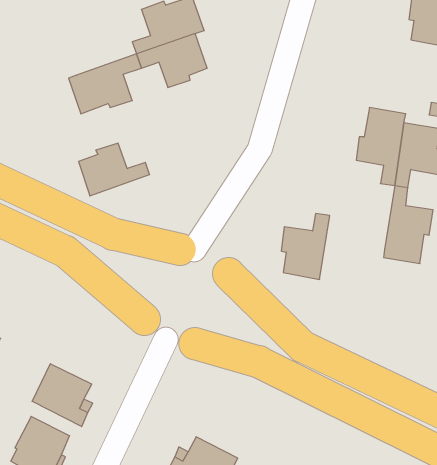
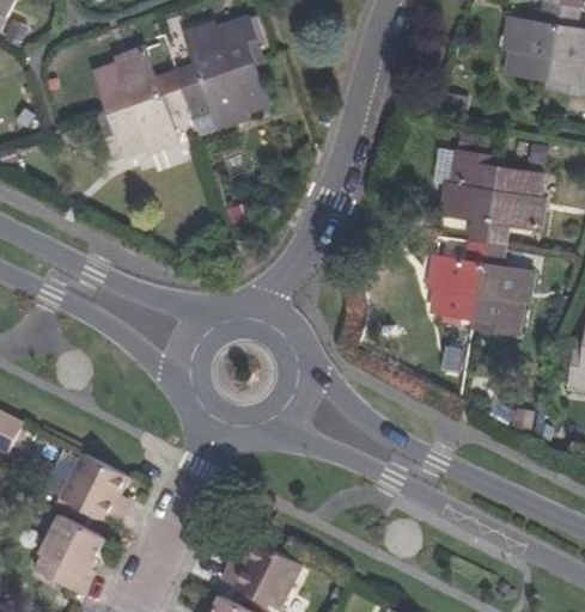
building: [79,143,150,196] -> [98,50,182,112]
building: [281,214,330,279] -> [429,240,487,318]

